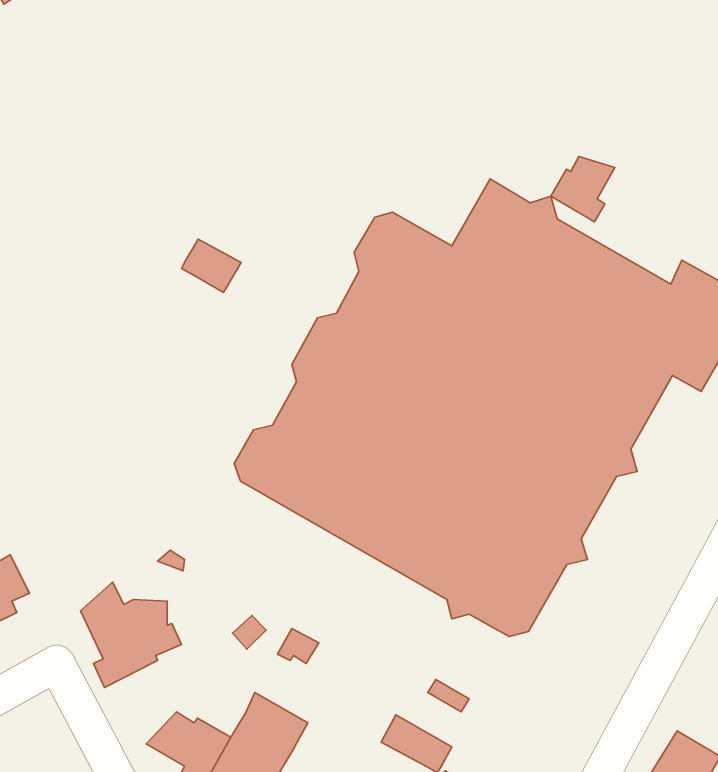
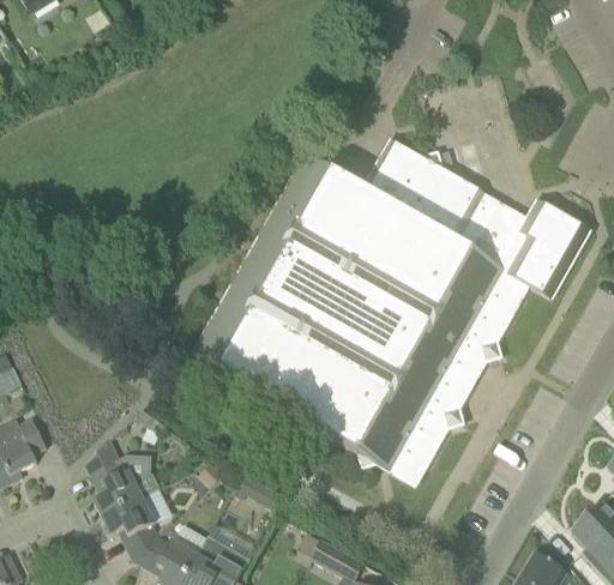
building: [551,156,615,222] -> none
building: [182,239,241,293] -> none
building: none -> [104,499,158,561]

